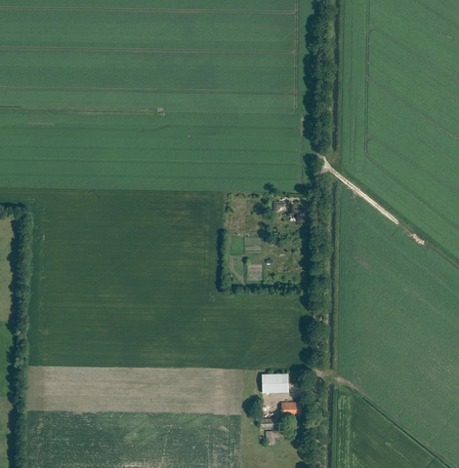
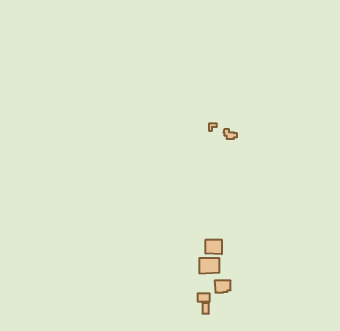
building: none -> [206,240,222,254]

